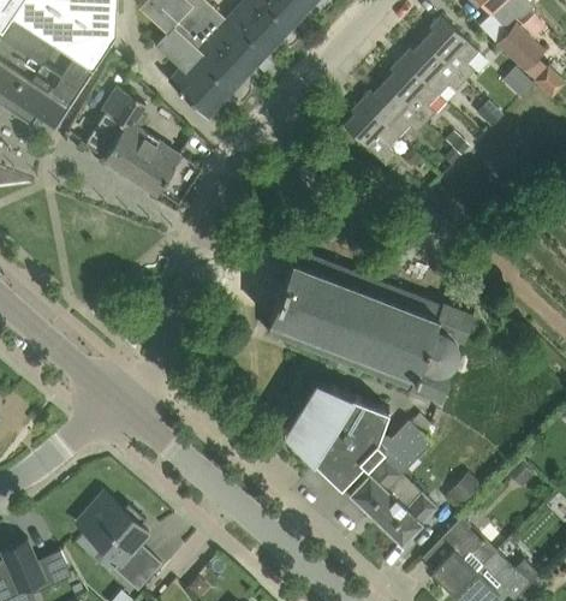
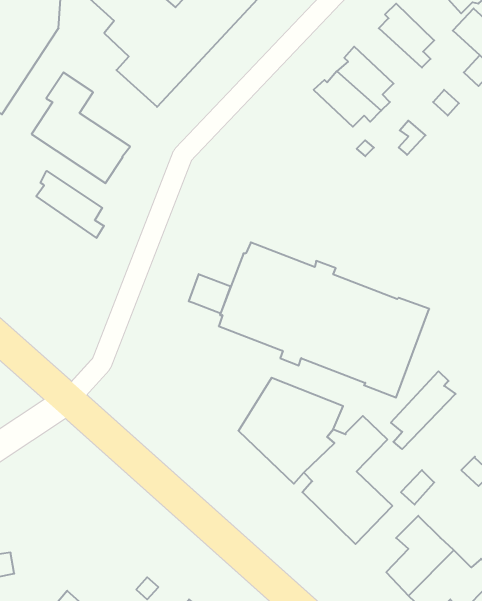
building: [399,41,465,95] -> none
building: [342,101,398,165] -> none
building: none -> [36,171,104,238]
building: none -> [189,274,230,313]
building: none -> [391,371,456,449]
building: [76,492,161,590] -> none

